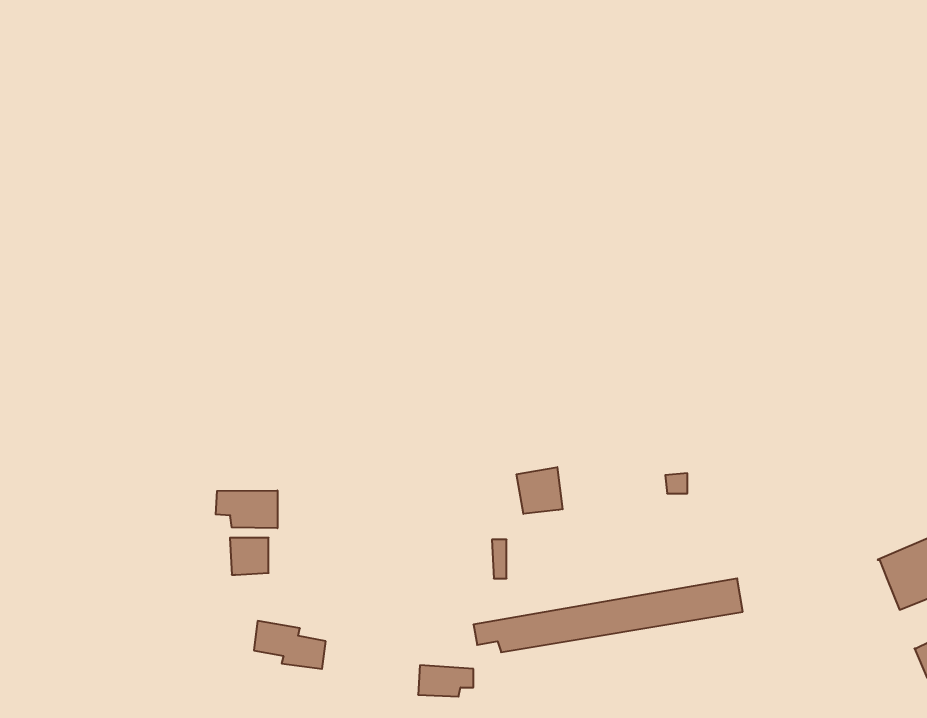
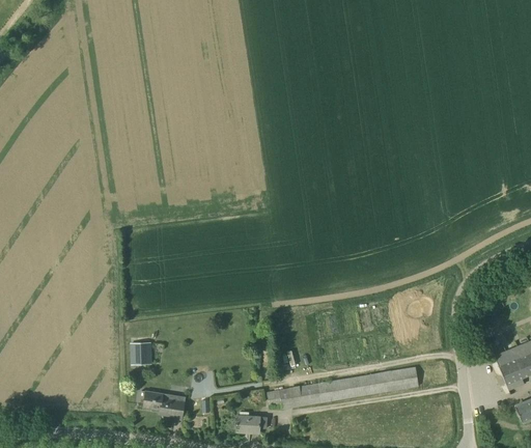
building: [517,467,563,514] -> none
building: [216,490,277,528] -> none

